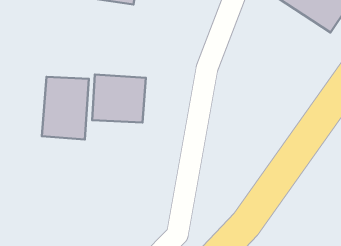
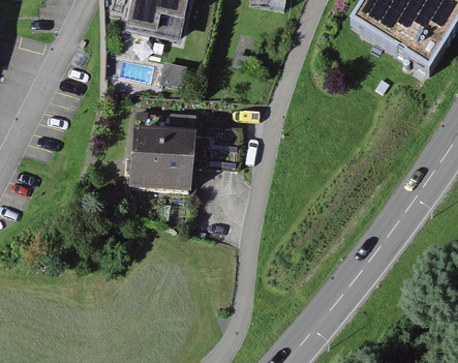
building: [42,77,89,140] -> none

